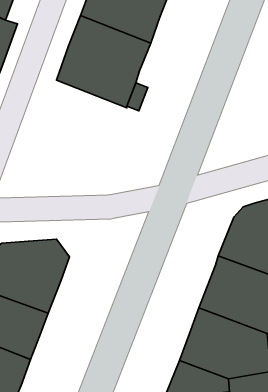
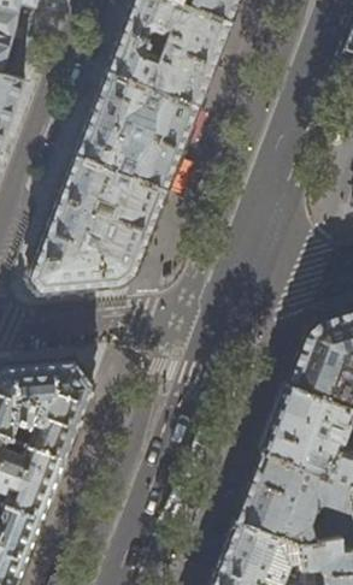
building: none -> [29,155,167,291]

